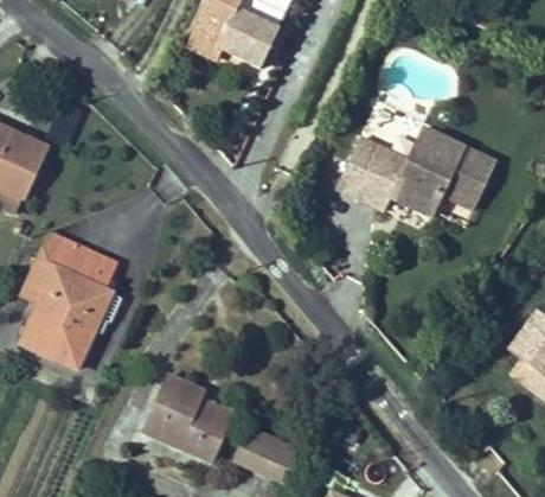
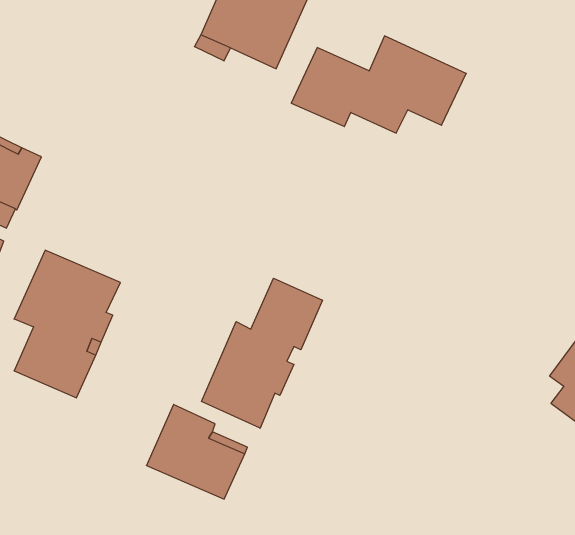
building: [335,127,495,216] -> [291,36,466,133]
building: none -> [201,278,322,428]
building: [235,427,303,484] -> none

